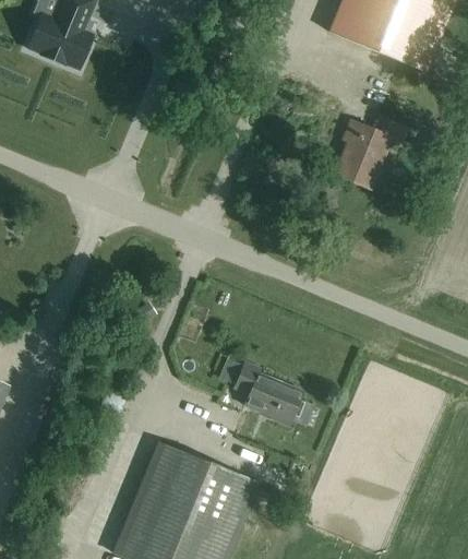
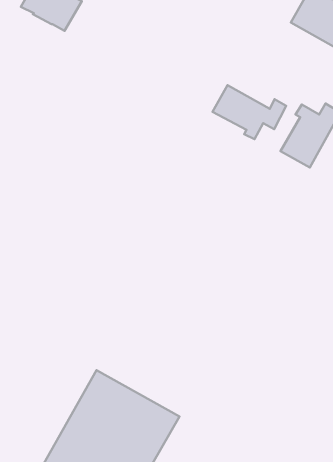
building: none -> [213,85,286,139]
building: [233,361,303,426] -> none

